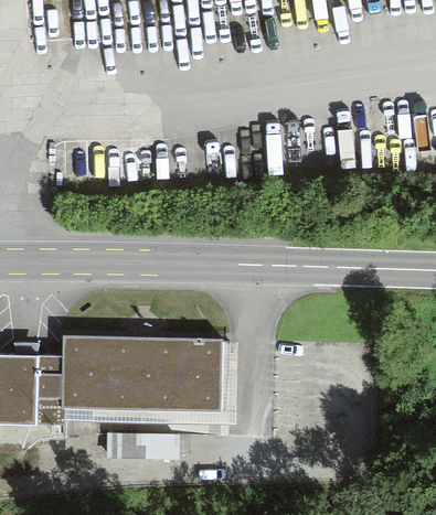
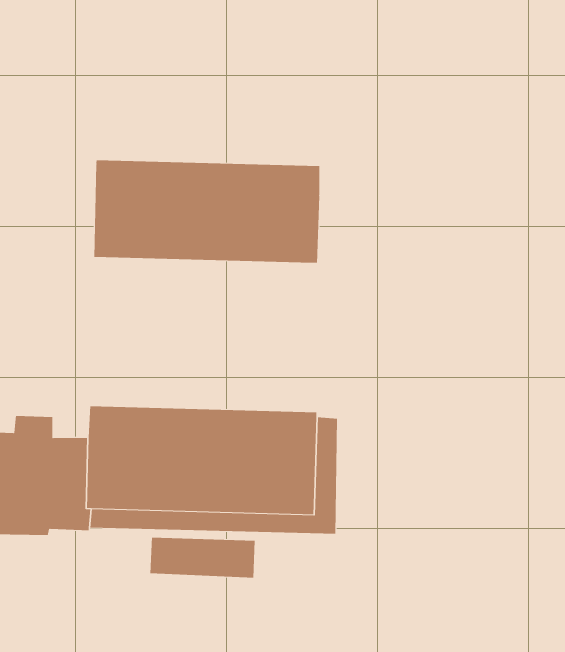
building: none -> [94,159,320,264]

